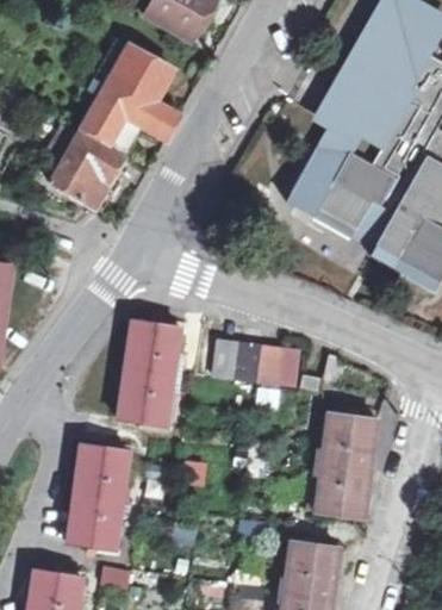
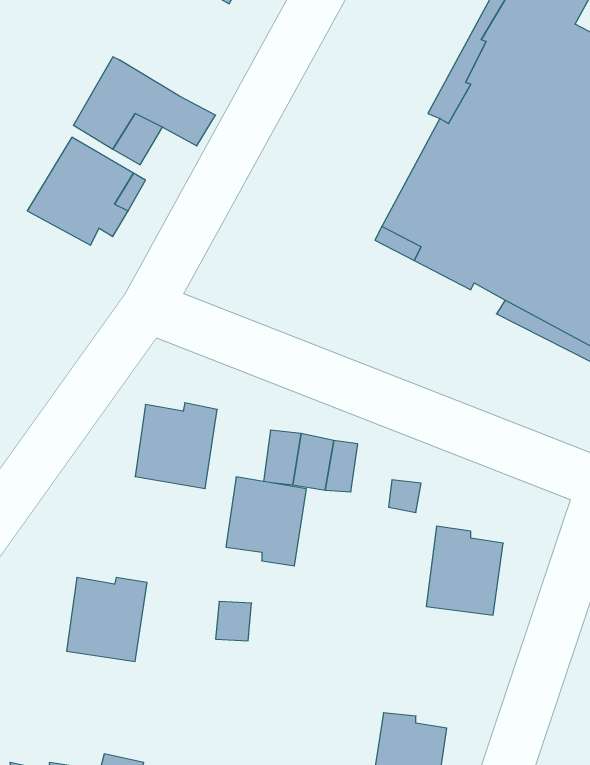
building: [111,49,170,106] -> none
building: [114,371,170,432] -> [226,477,306,566]
building: [317,461,371,521] -> none
building: [67,492,122,555] -> none

